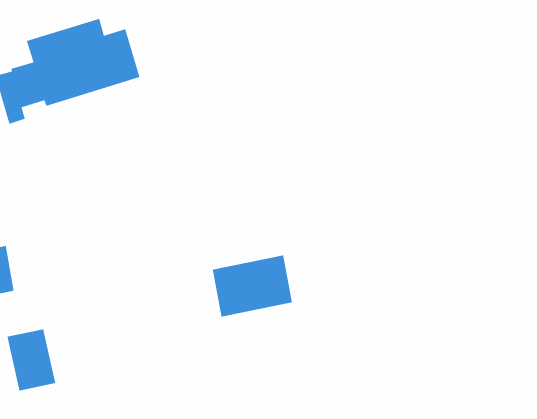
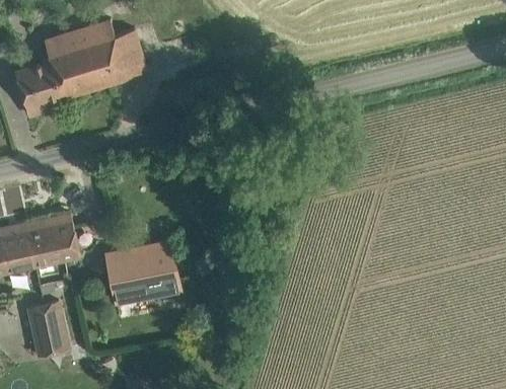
building: none -> [25,214,79,265]
building: [212,254,293,317] -> [106,246,179,303]

